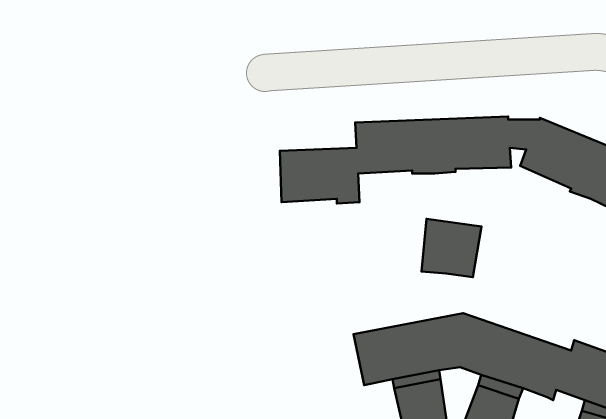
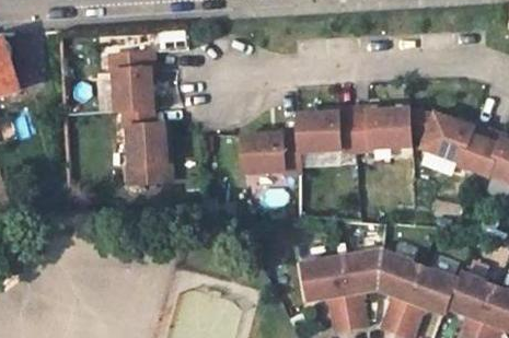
building: none -> [111,53,169,184]
building: [421,219,482,277] -> none

